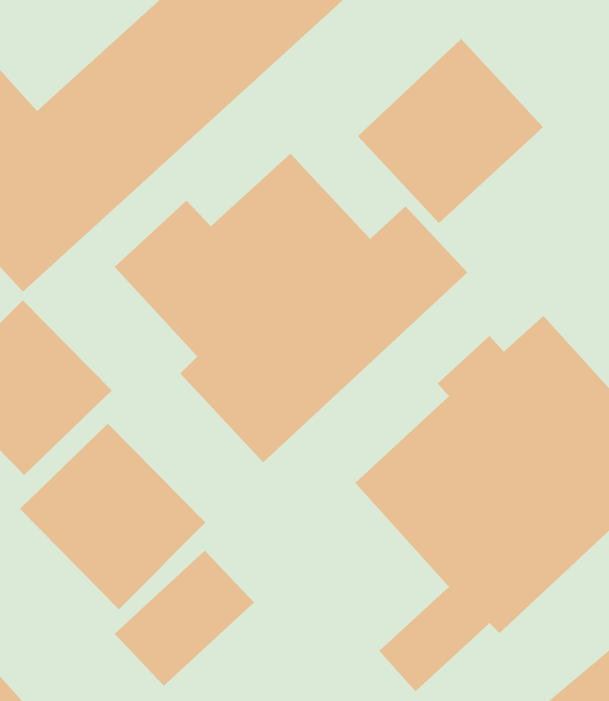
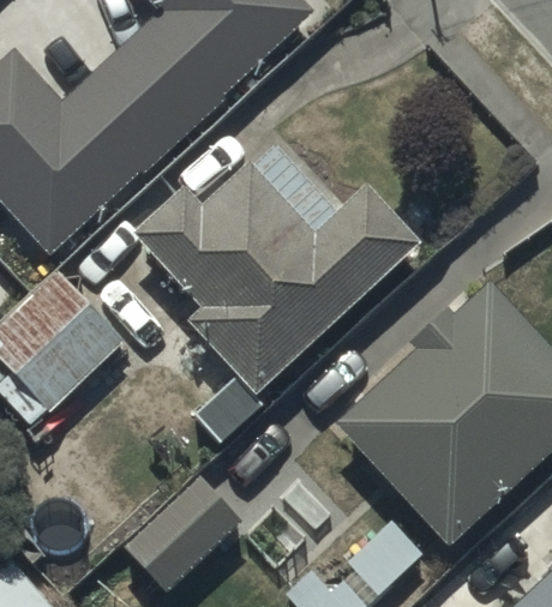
building: [357,38,544,224] -> none
building: [19,423,206,610] -> none

